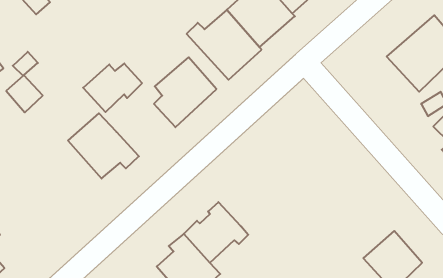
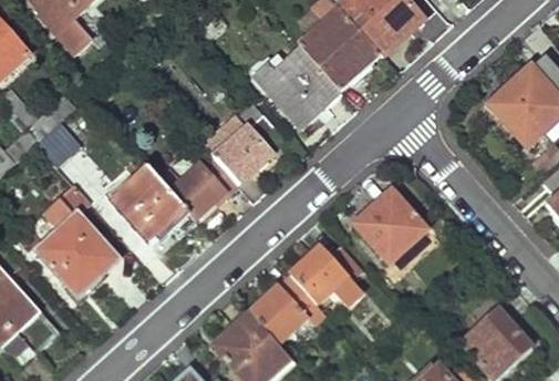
building: [83,63,142,112] -> [168,162,238,219]
building: none -> [38,183,118,298]
building: none -> [355,189,426,260]
building: none -> [289,244,362,302]

